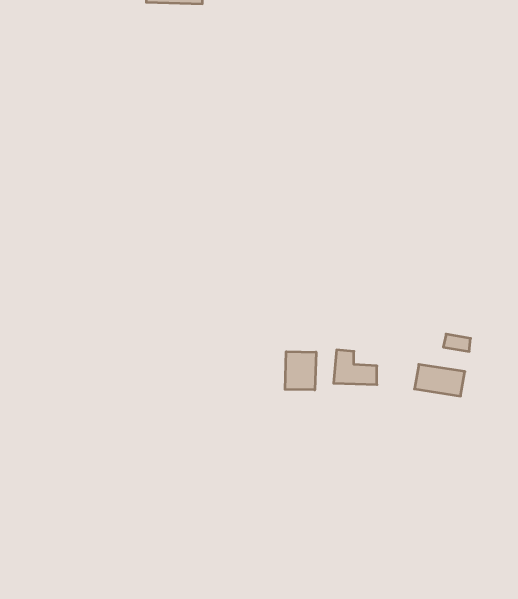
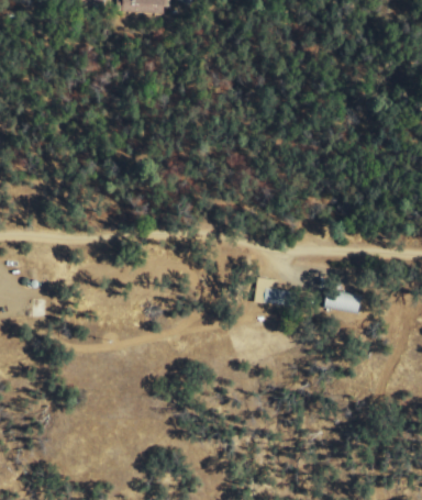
building: [285,352,316,390] -> none

